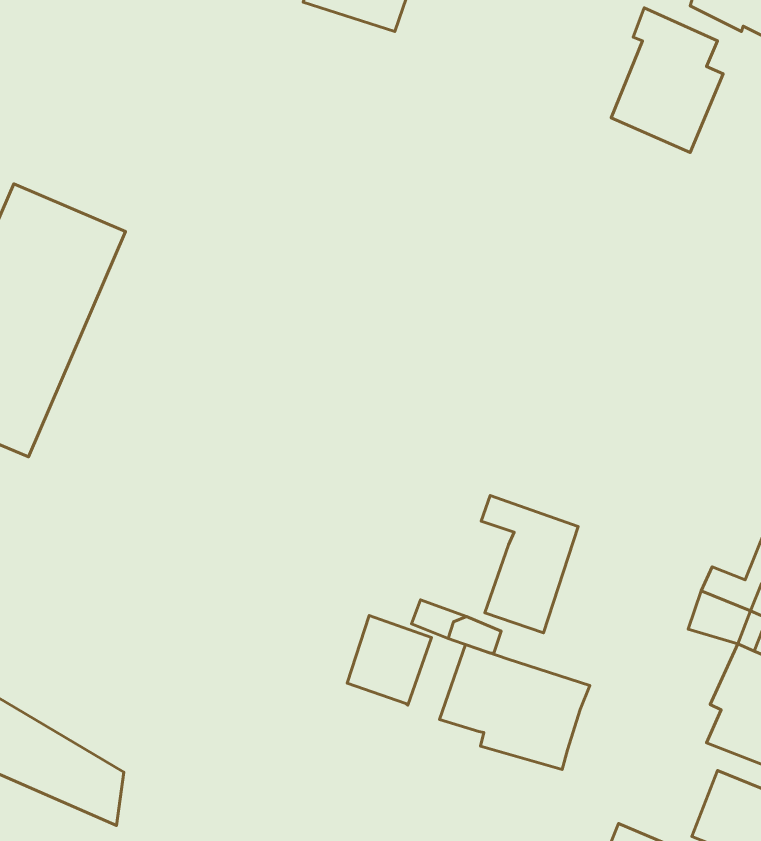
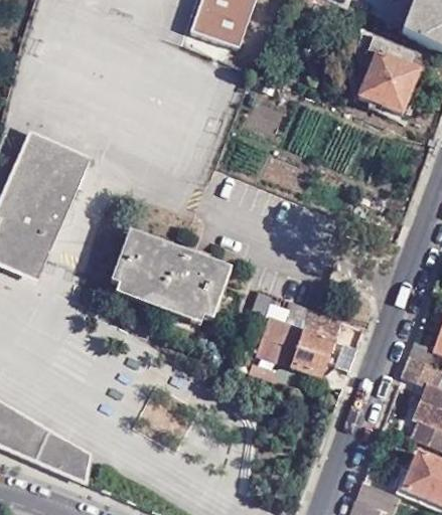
building: none -> [110,233,231,322]
building: [347,615,432,705] -> [255,317,301,366]
building: [440,645,590,769] -> none

